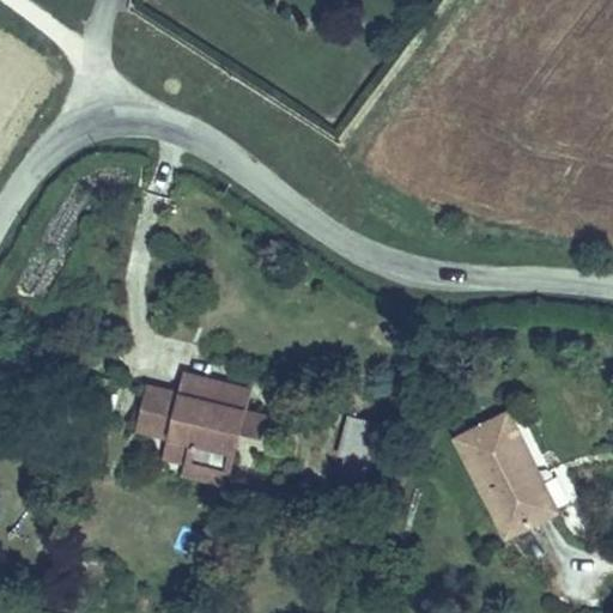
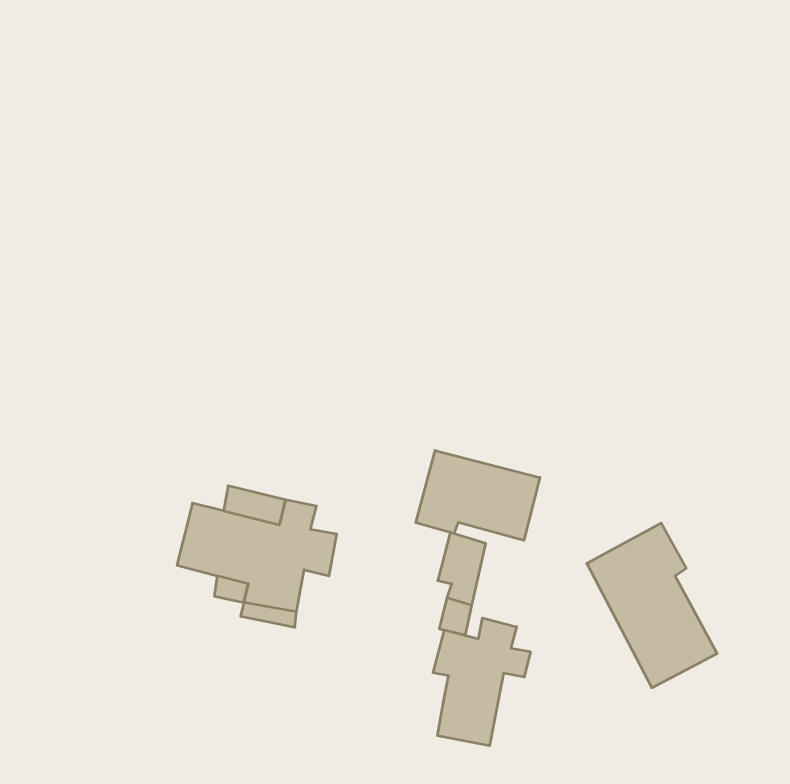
building: none -> [416,450,540,540]
building: none -> [433,618,530,746]

